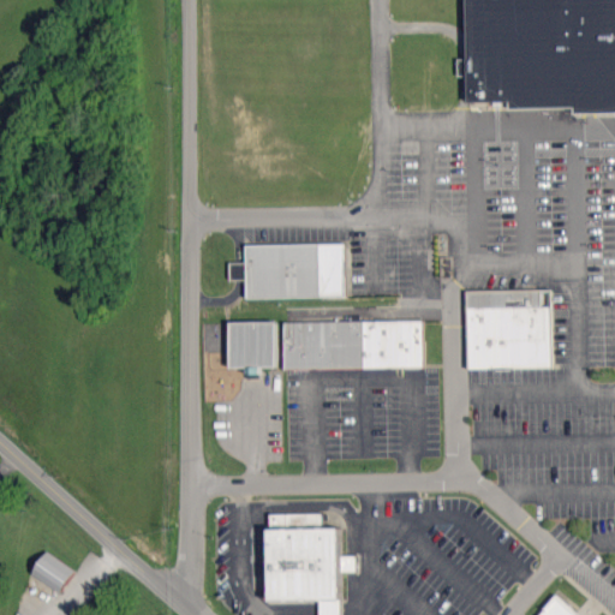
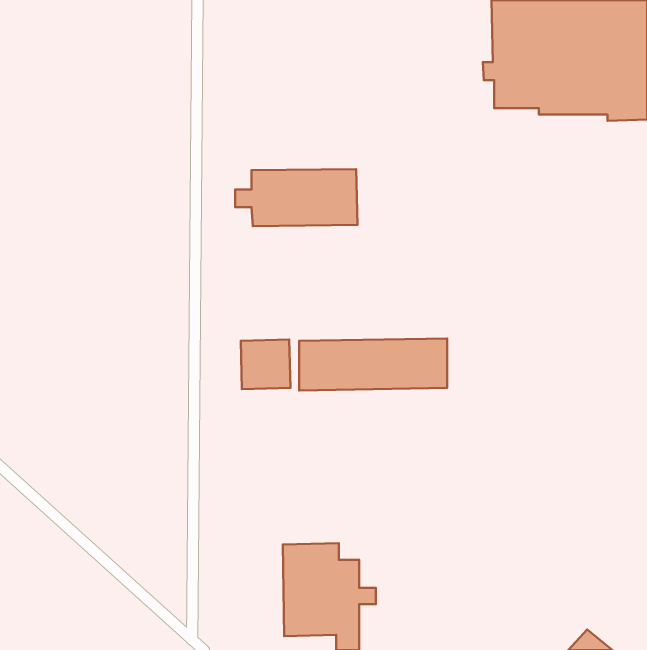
building: [228,244,344,298] -> [235,169,357,226]
building: [466,289,550,369] -> none
building: [30,551,73,593] -> none

